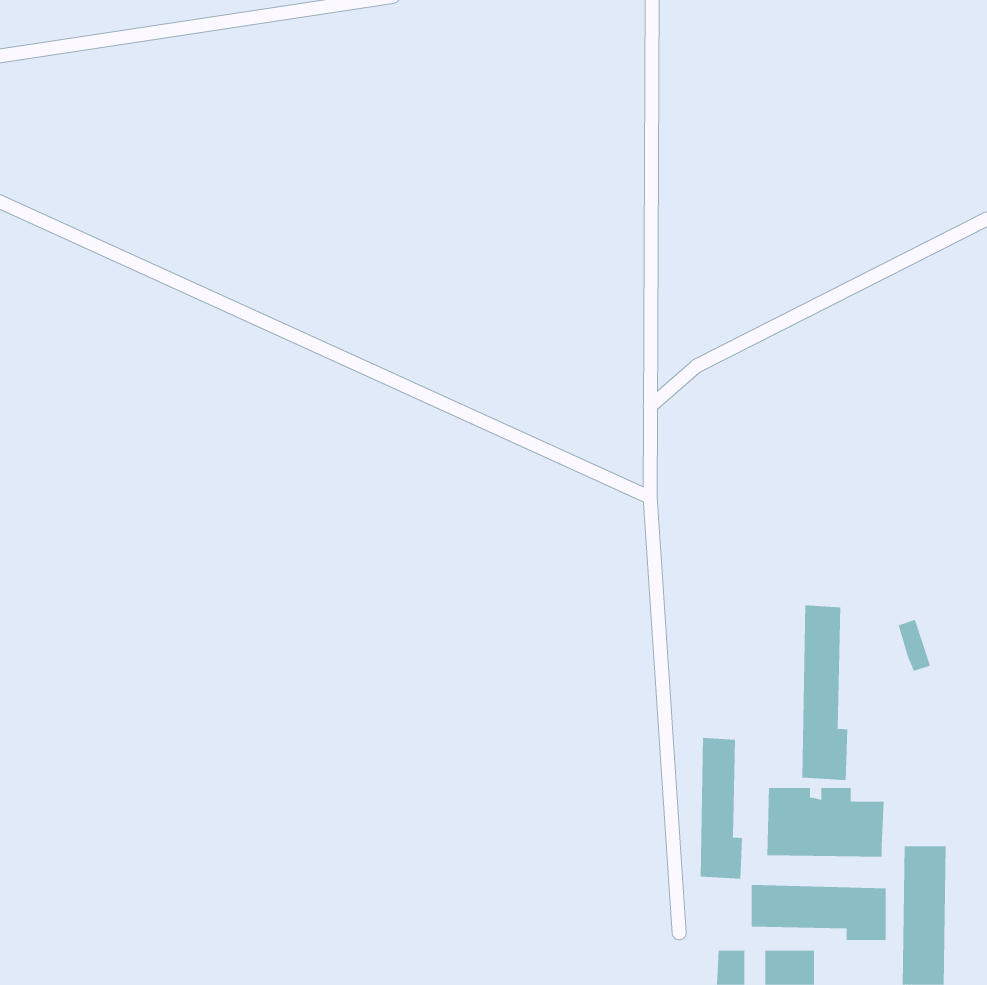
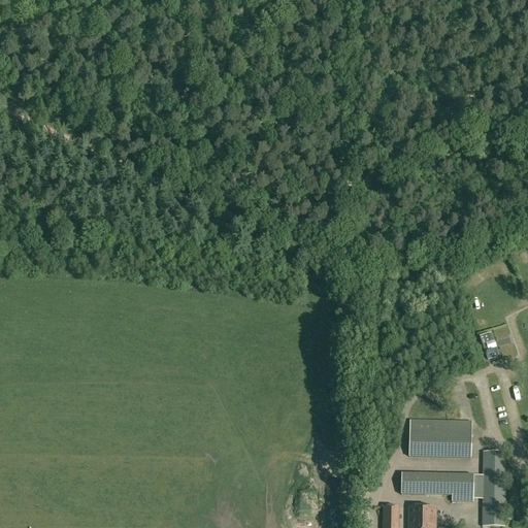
building: [802,605,848,781] -> none
building: [700,737,742,879] -> none

